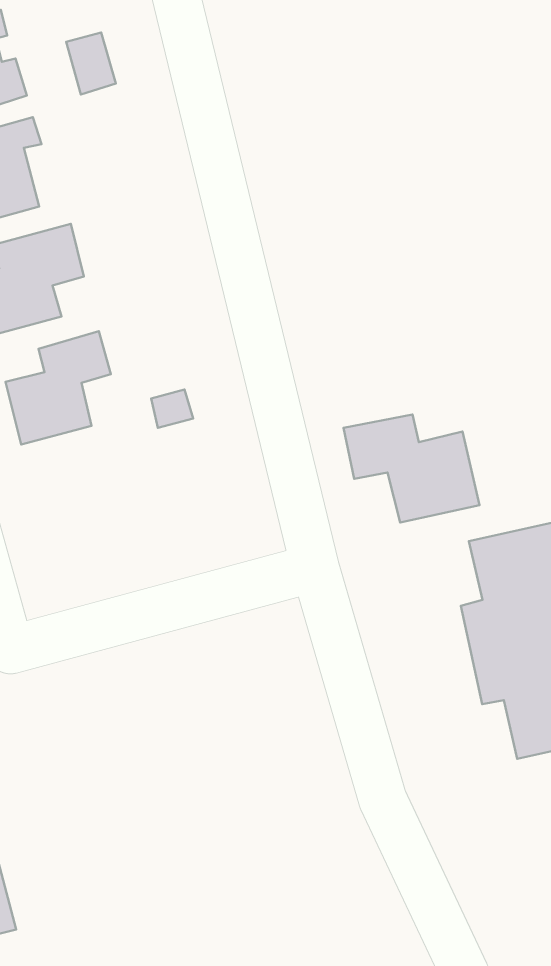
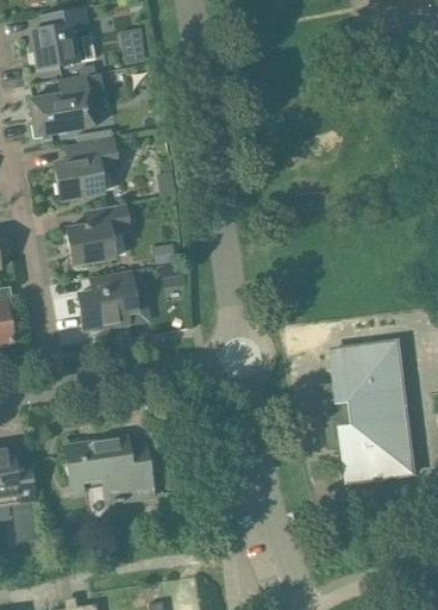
building: [343,414,480,523] -> none
building: none -> [77,269,136,330]
building: none -> [64,436,155,503]

